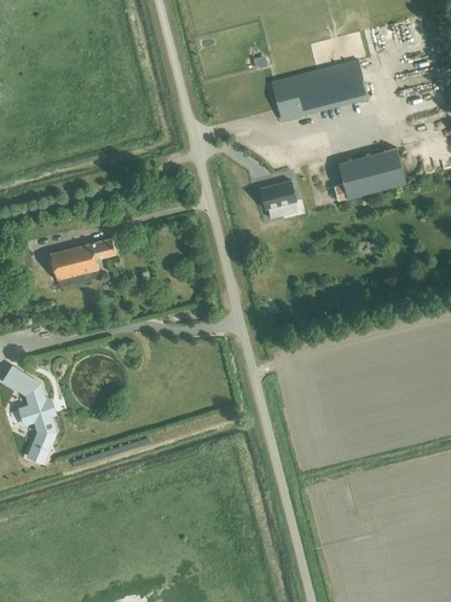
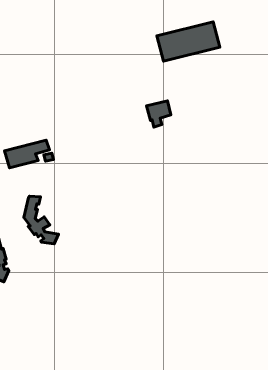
building: [333,149,404,202] -> none
building: none -> [24,196,58,244]

